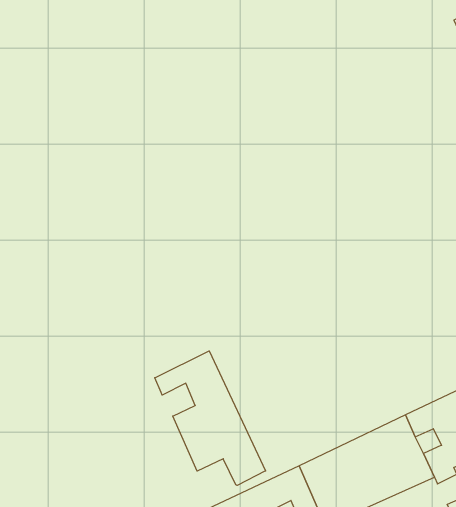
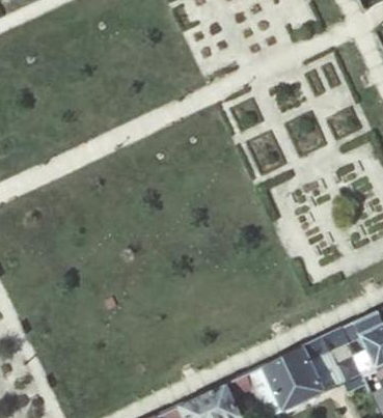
building: [155,351,266,485] -> none

